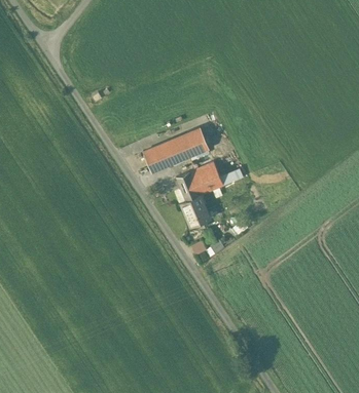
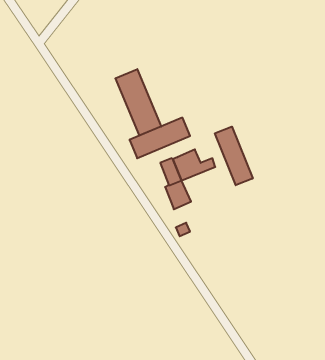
building: none -> [115,69,161,136]
building: none -> [215,127,253,185]

